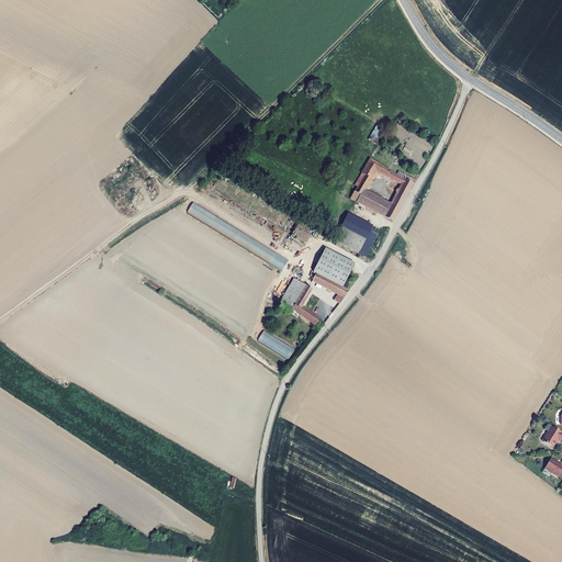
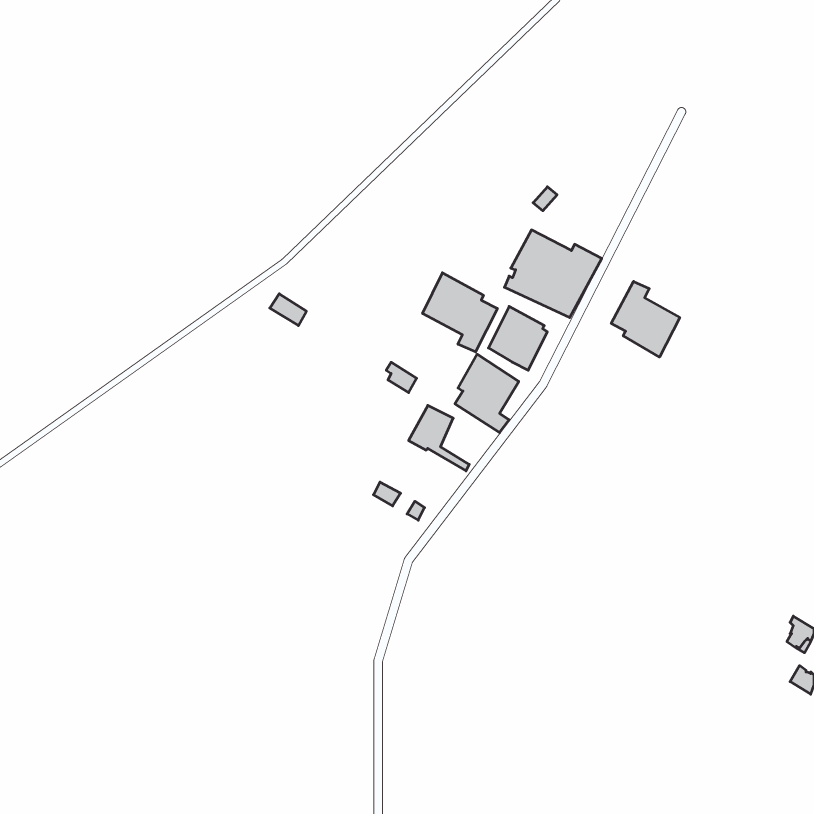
building: none -> [423,273,497,352]
building: none -> [611,281,680,357]

